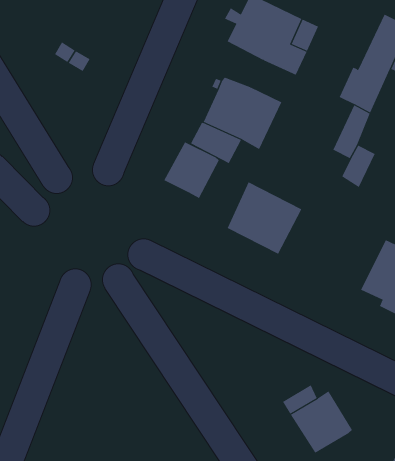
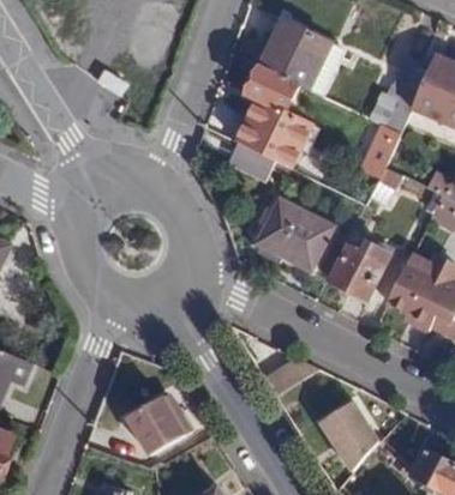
building: none -> [247,66,295,109]
building: [164,141,219,199] -> none
building: none -> [331,239,395,302]
building: none -> [128,396,191,453]

